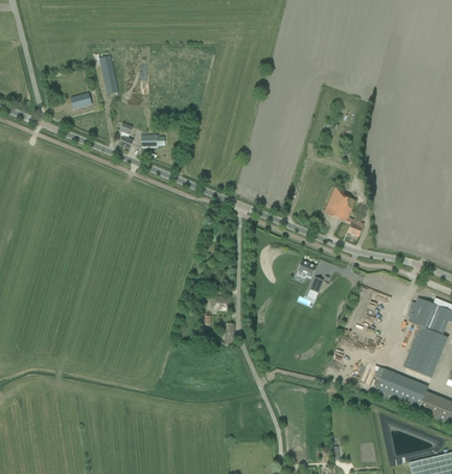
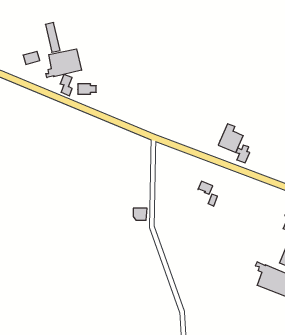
building: none -> [46,49,82,78]

